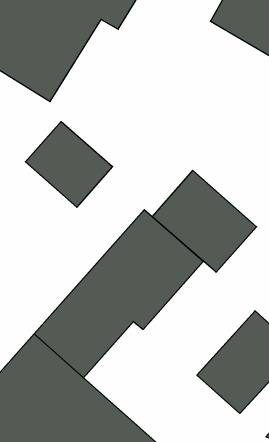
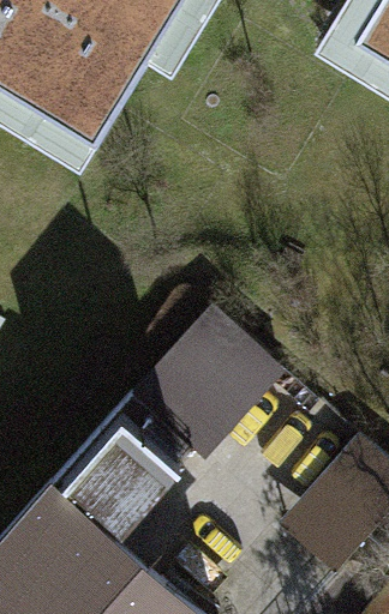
building: [25,122,113,207] -> none
building: [152,170,257,272] -> none

